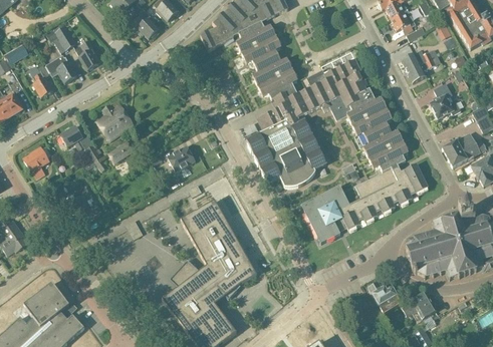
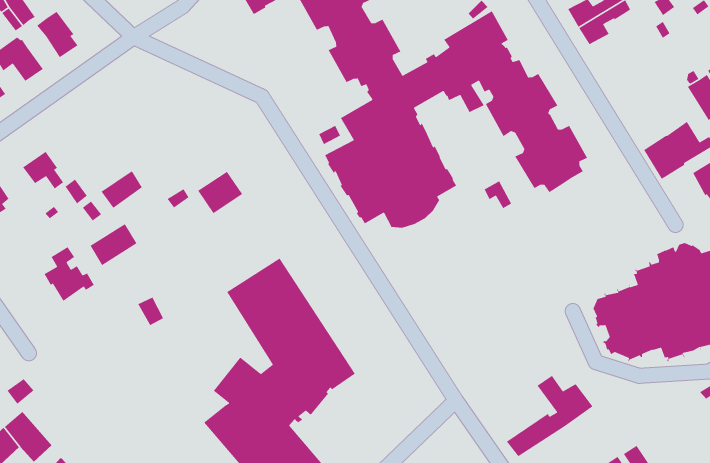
building: [429,82,461,118] -> none
building: [96,102,133,138] -> none
building: [301,162,428,243] -> none
building: none -> [89,223,137,266]
building: [402,291,436,317] -> none

